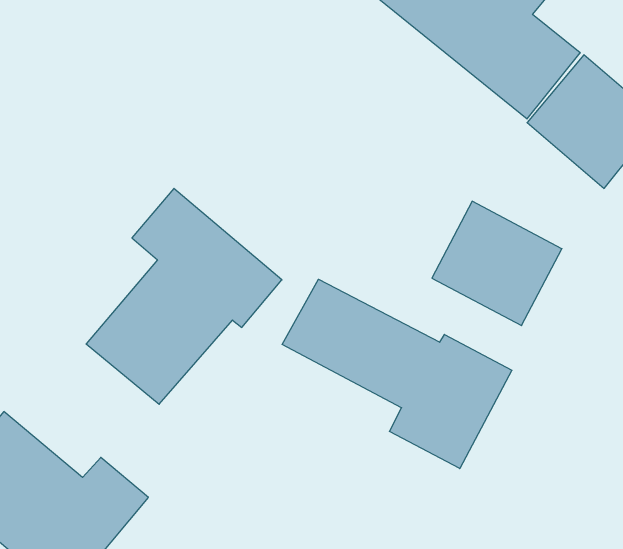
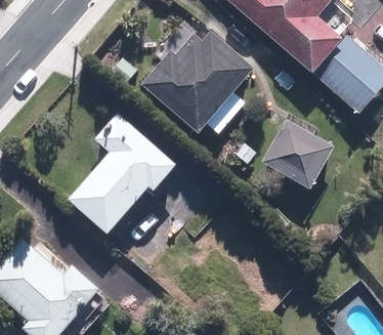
building: none -> [139,31,254,133]
building: [282,279,512,469] -> none

